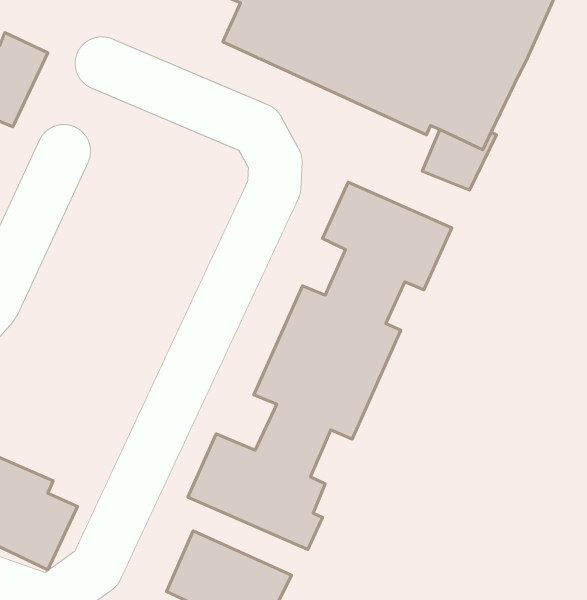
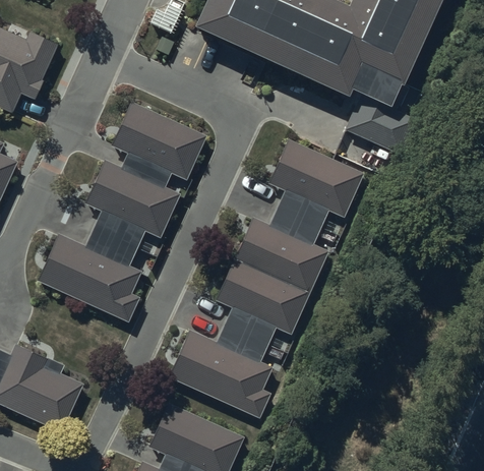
building: none -> [38,103,205,322]

